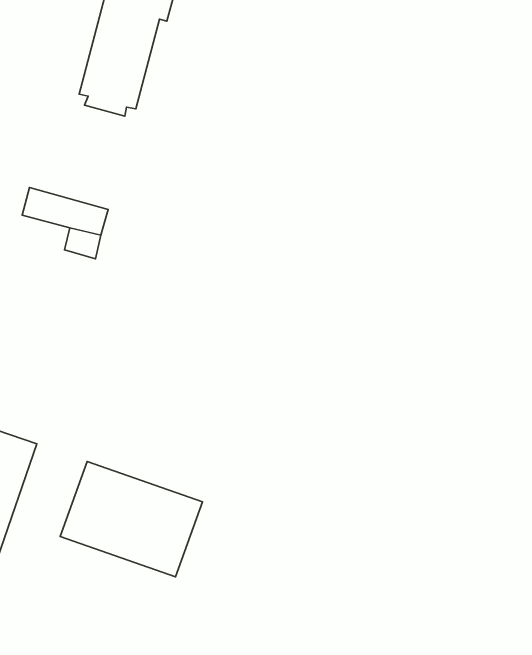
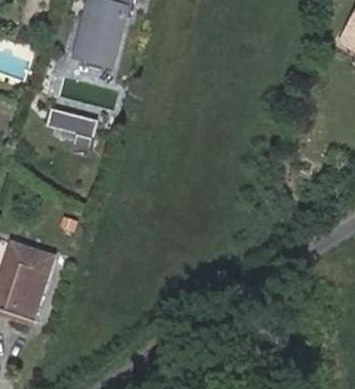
building: [60,461,203,577] -> none

